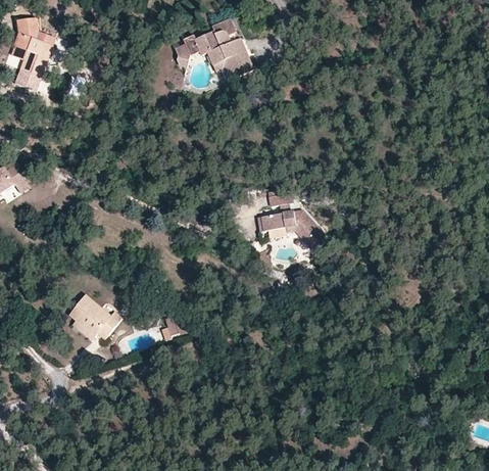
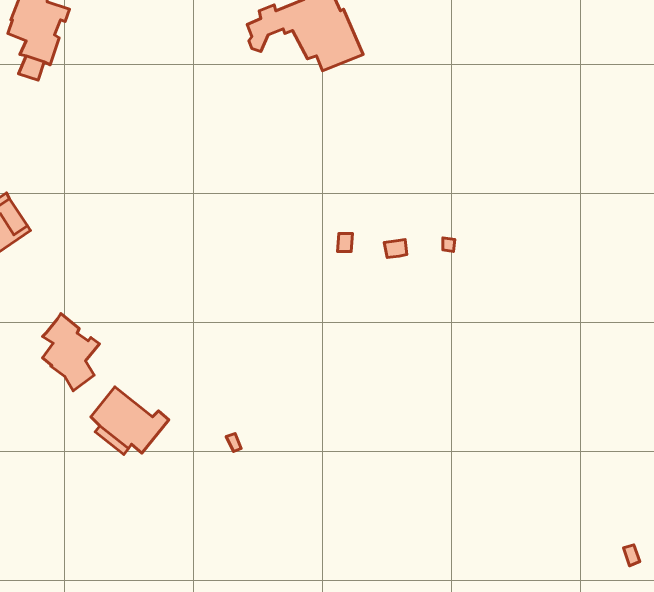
building: [260,209,328,251] -> none
building: none -> [43,314,99,391]

